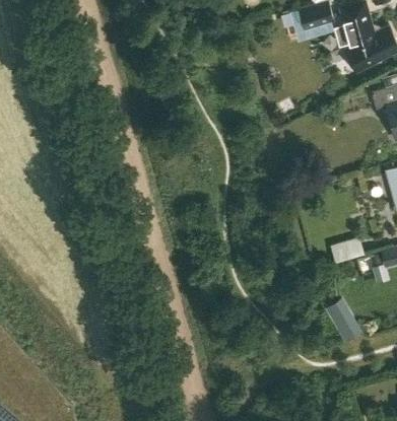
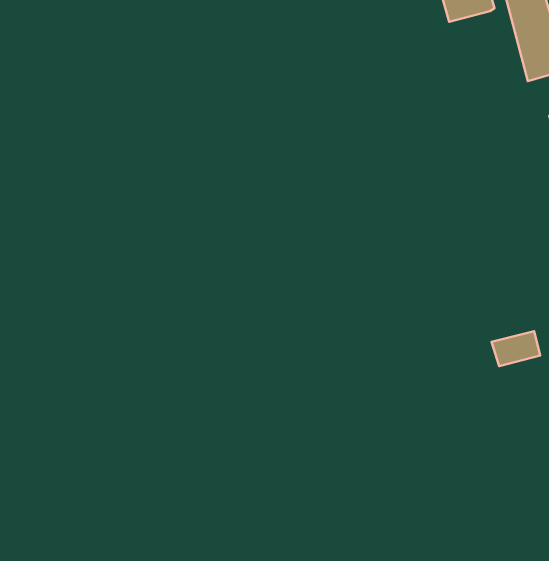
building: [327,302,360,340] -> none

